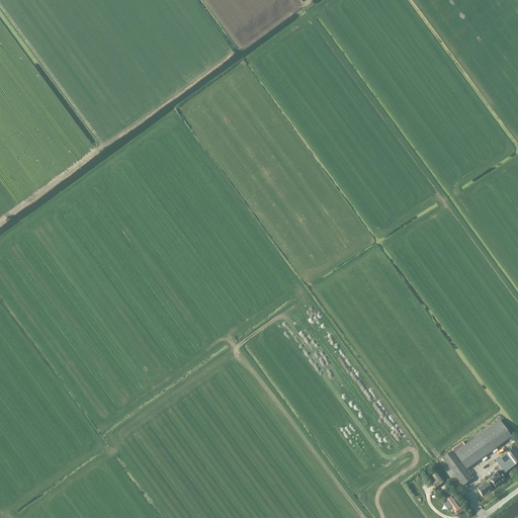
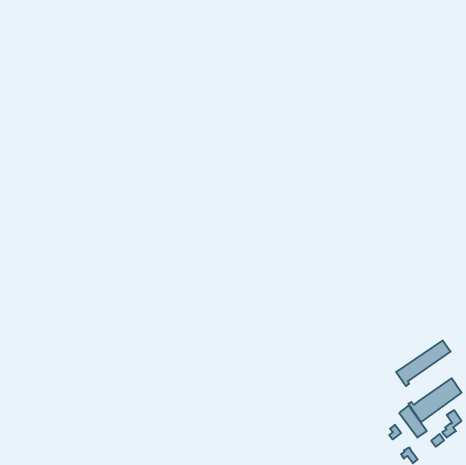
building: none -> [396,340,451,386]

